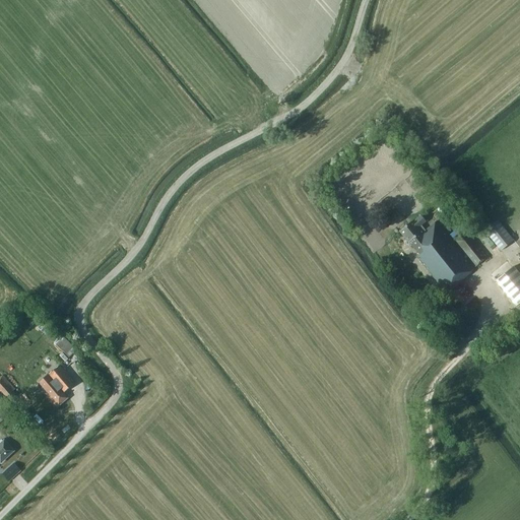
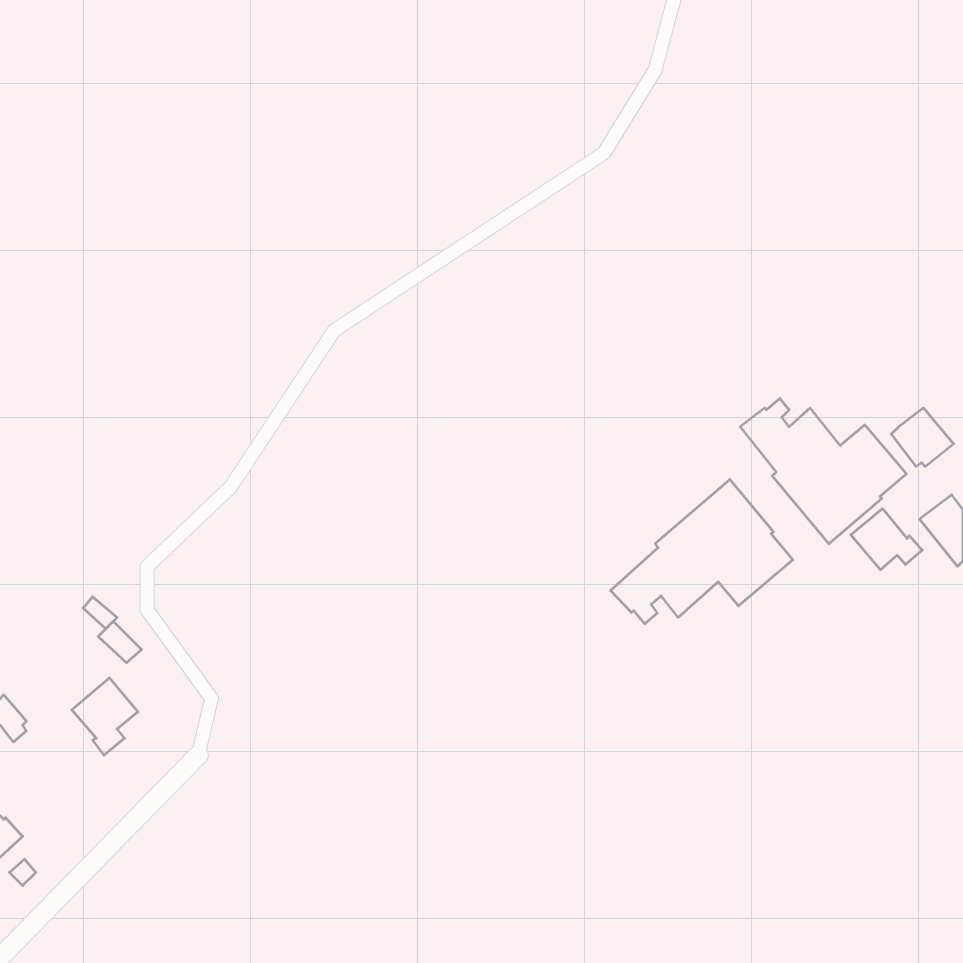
building: none -> [611,479,793,624]
building: none -> [851,509,922,570]

